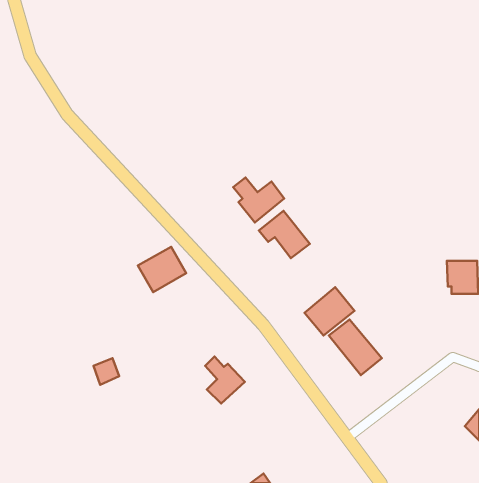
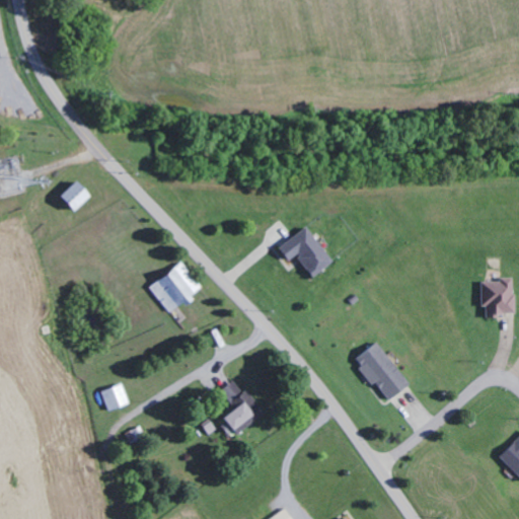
building: none -> [61,182,91,213]
building: [233,178,284,223] -> none
building: [304,287,355,336] -> none

